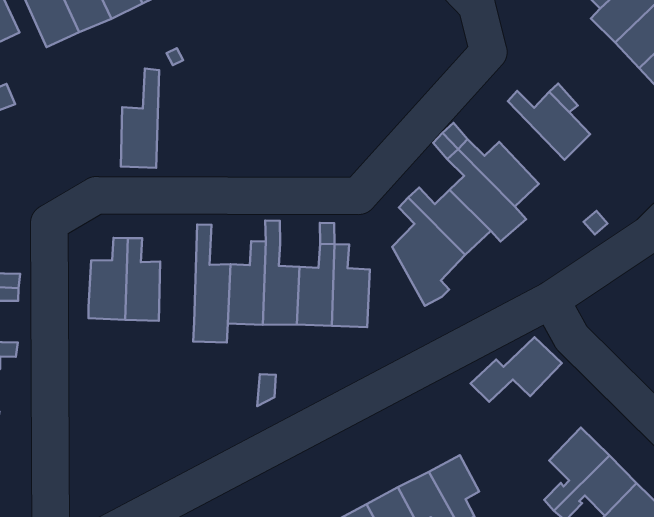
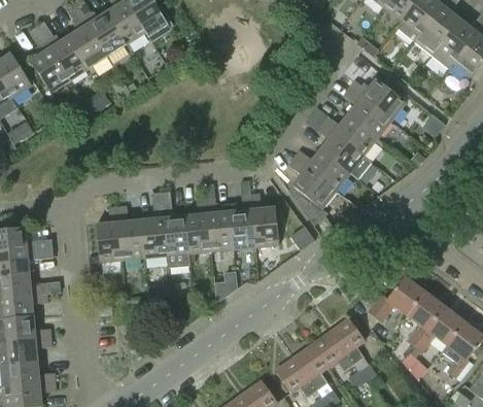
building: [121,68,159,168] -> [140,193,167,258]
building: none -> [343,88,390,138]
building: [471,337,562,402] -> [367,276,423,321]

